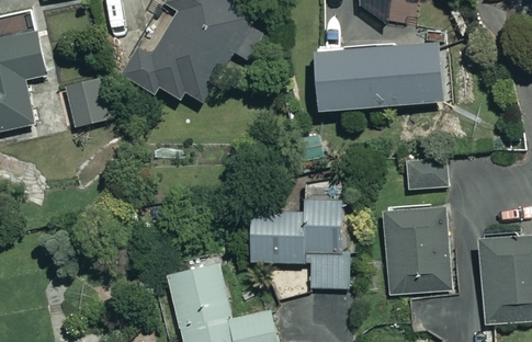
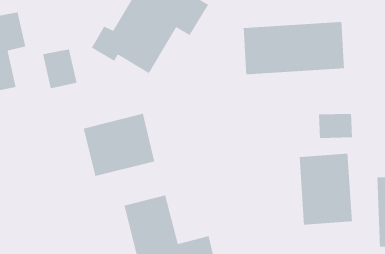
building: none -> [83,113,155,177]
building: [250,178,355,289] -> none

